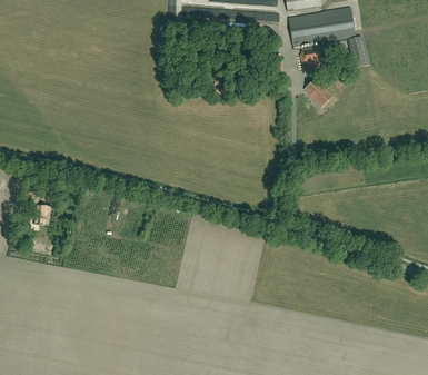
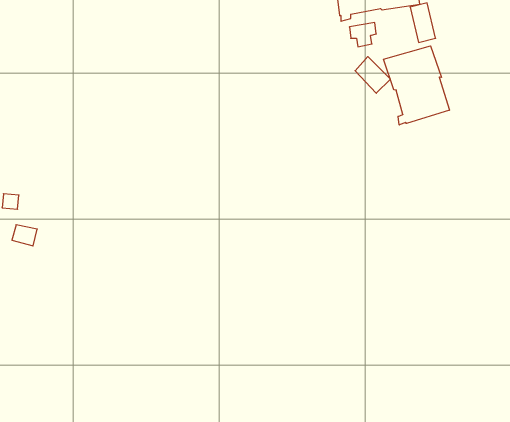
building: none -> [383,46,449,125]

